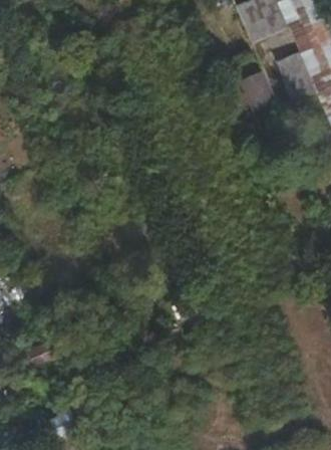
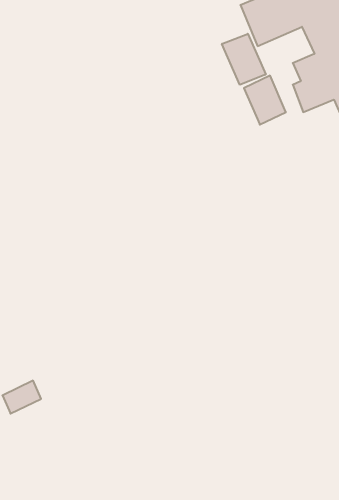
building: none -> [222,34,266,85]

